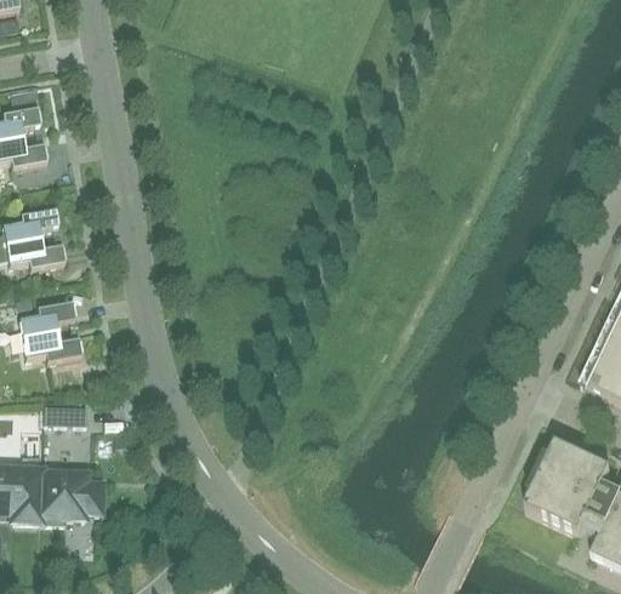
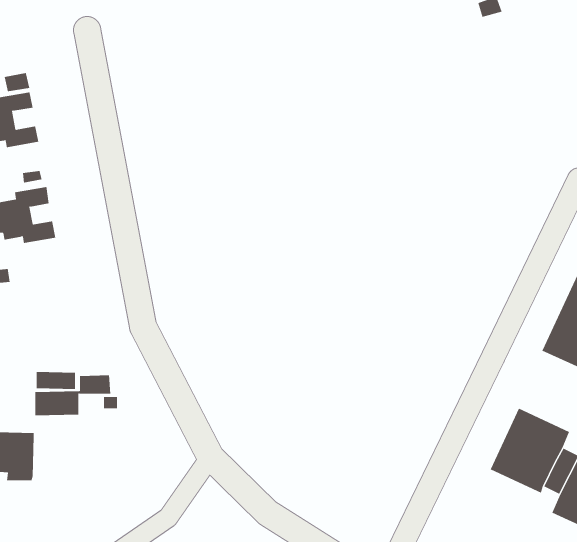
building: [19,301,82,360] -> none
building: [41,473,101,521] -> none

